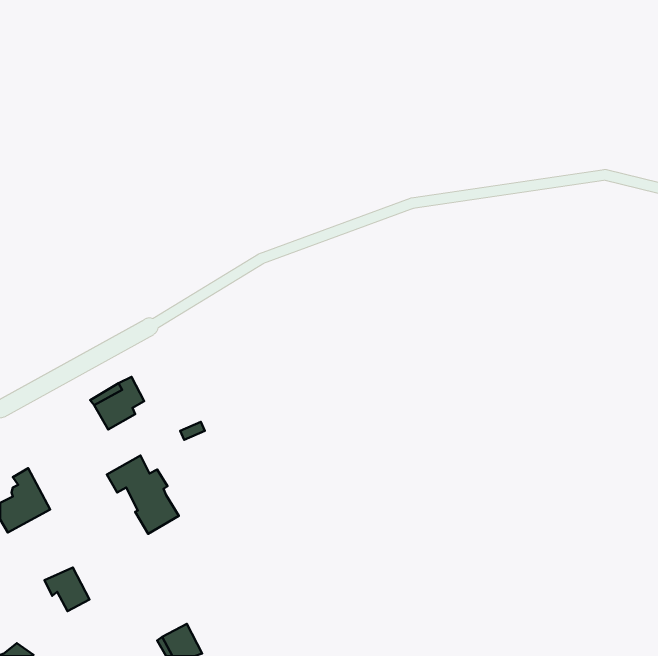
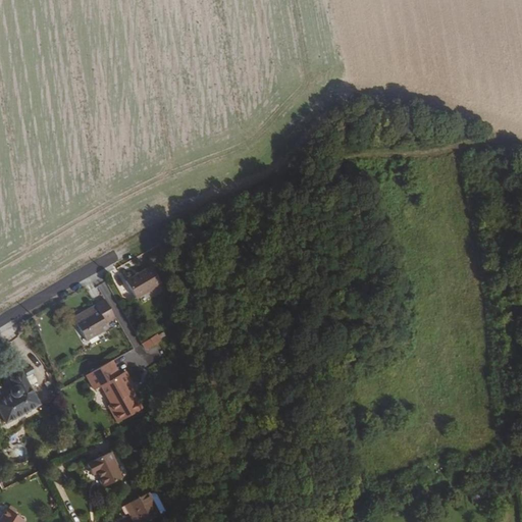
building: none -> [125,266,161,299]
building: [44,567,89,611] -> [87,454,122,488]

